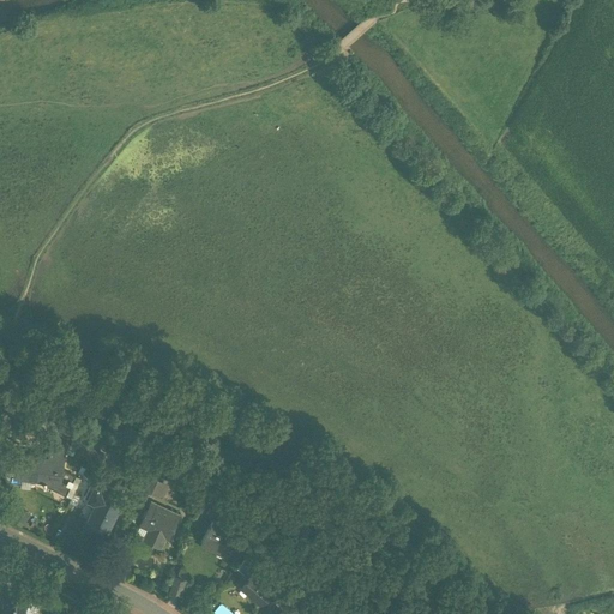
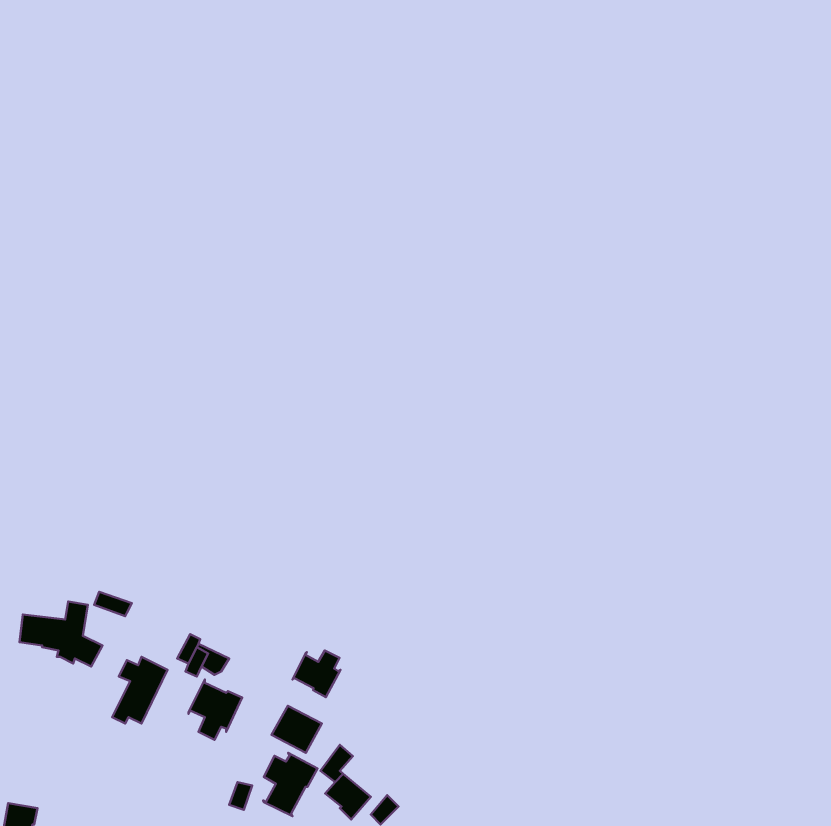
building: none -> [292,650,340,697]
building: none -> [263,753,318,816]

